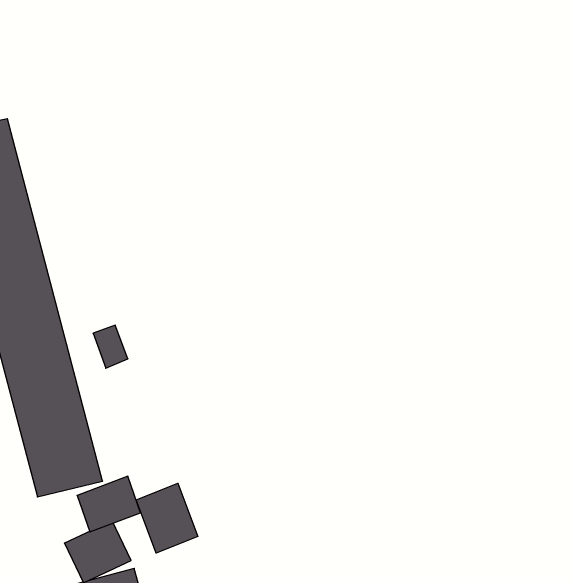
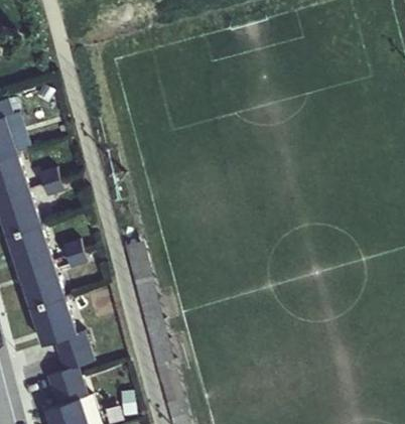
building: [136,483,198,553] -> none

